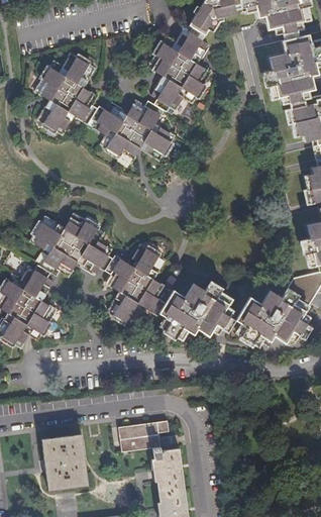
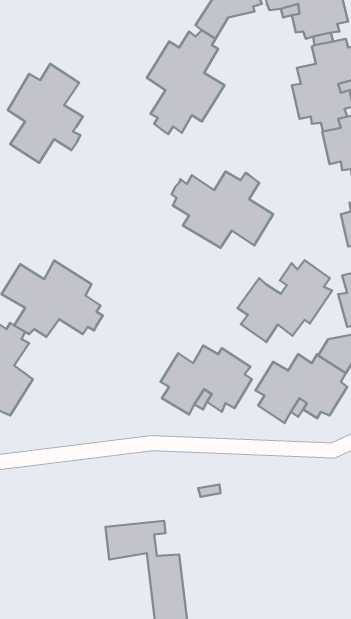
building: [93,99,175,161] -> [172,172,273,248]
building: none -> [237,260,332,342]
building: [108,243,174,323] -> none
building: [38,435,85,492] -> none

